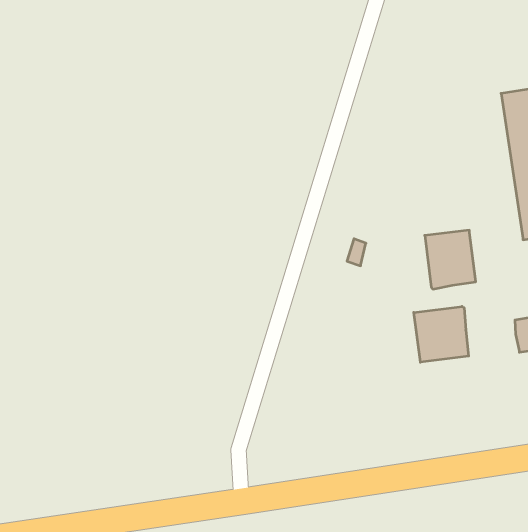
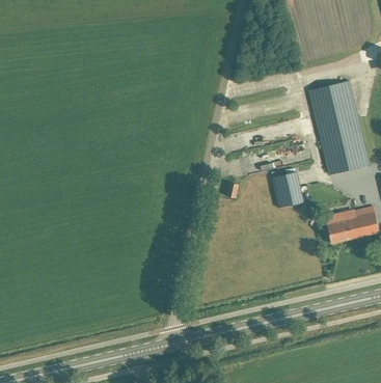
building: [414,306,469,362] -> none

